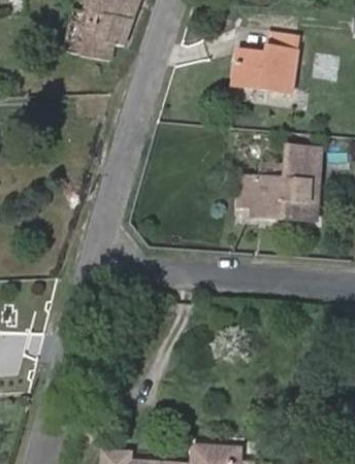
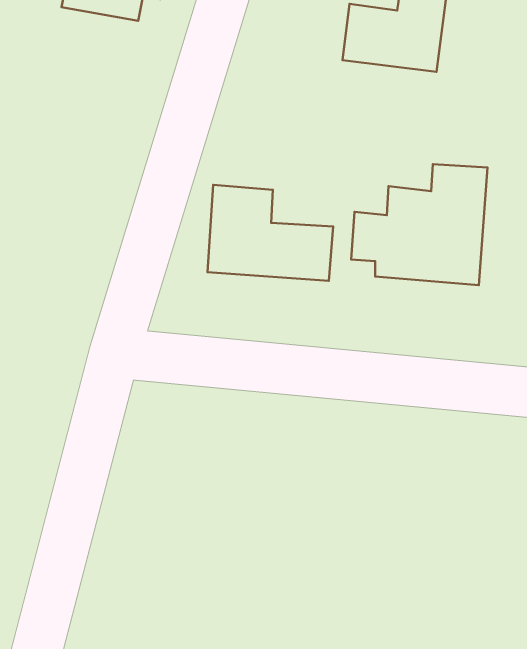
building: none -> [208,185,333,281]

